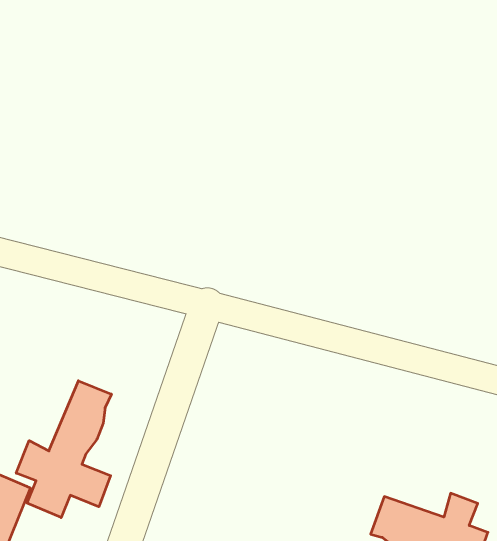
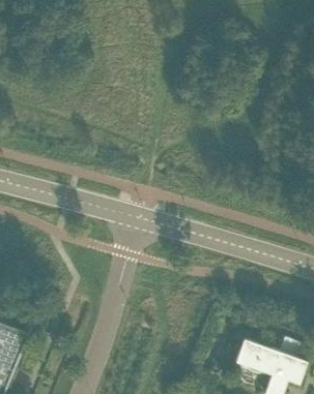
building: [16,381,111,518] -> none

